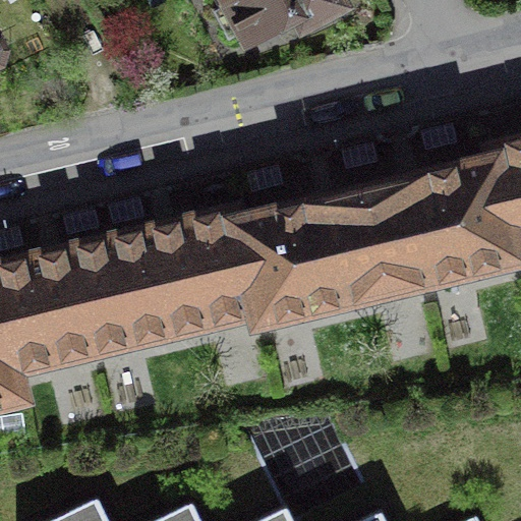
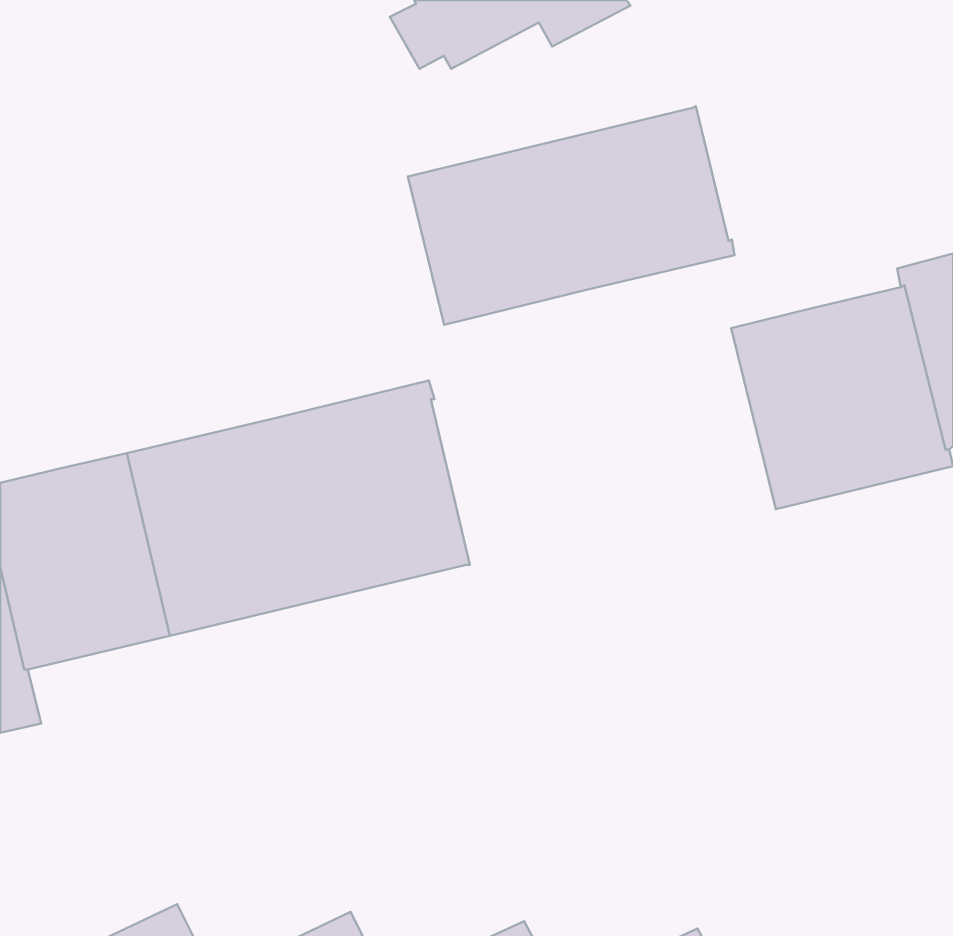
building: none -> [408,106,735,325]
building: [235,188,423,328] -> none

